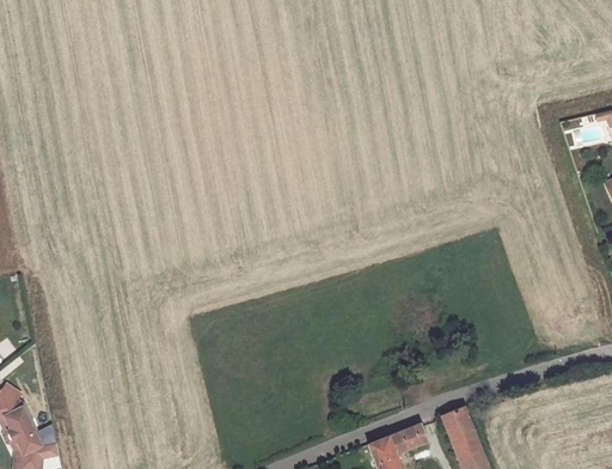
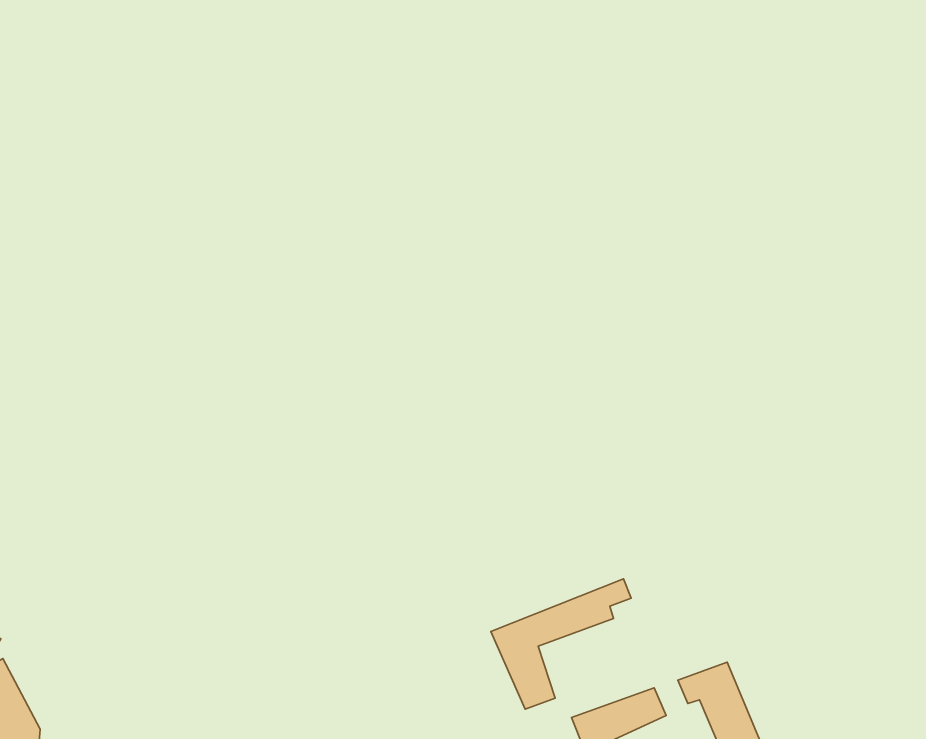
building: none -> [491,579,631,709]

